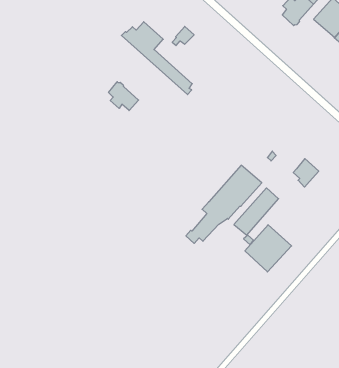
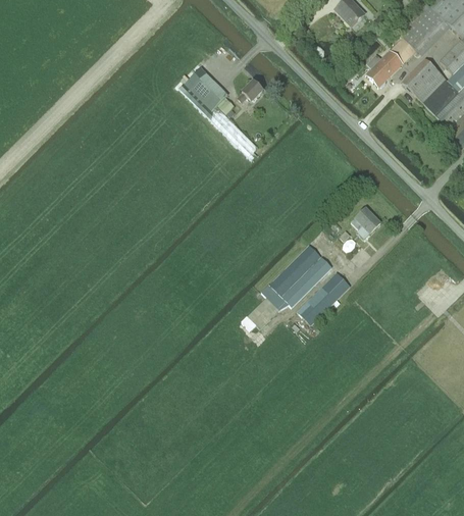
building: [109,82,139,111] -> none
building: [293,159,319,187] -> [352,205,381,238]
building: [245,225,292,272] -> none

